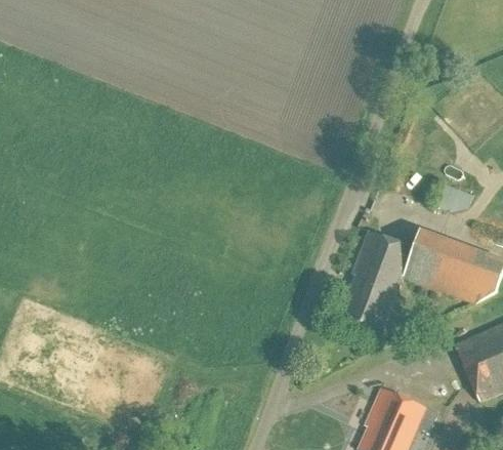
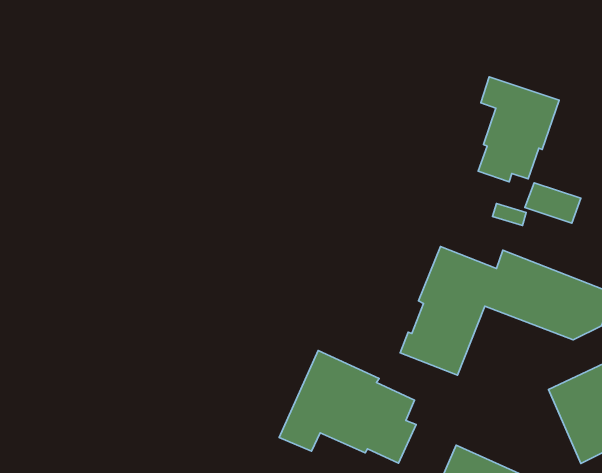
building: none -> [478,77,559,182]
building: none -> [279,350,416,463]

